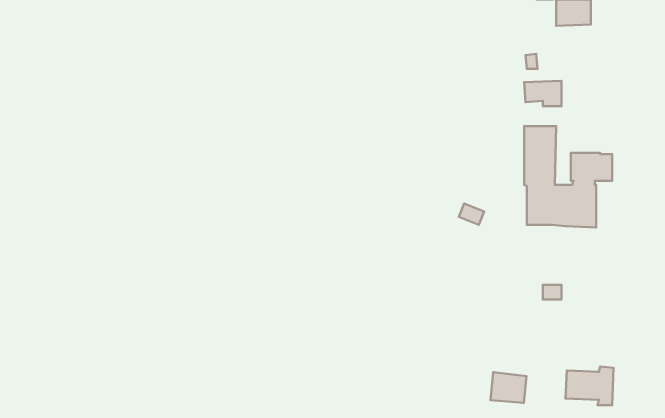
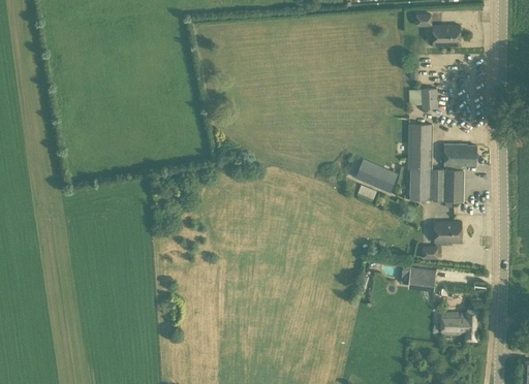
building: none -> [353,159,397,192]
building: none -> [433,222,460,243]
building: [490,372,527,403] -> [407,267,435,291]

